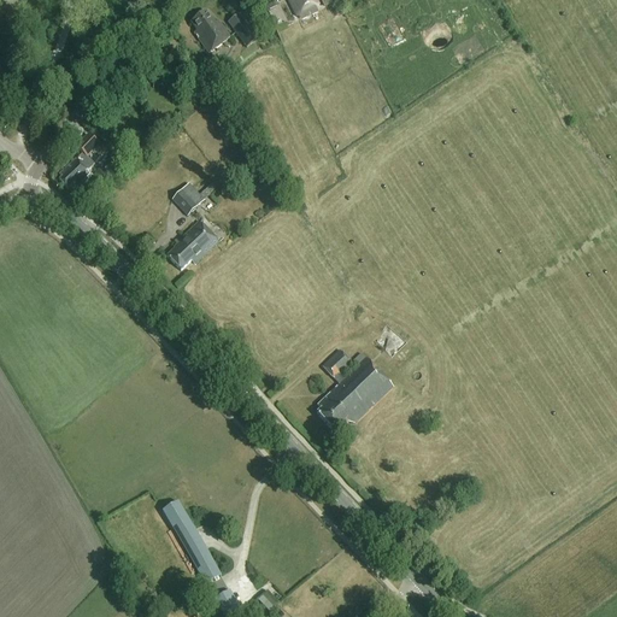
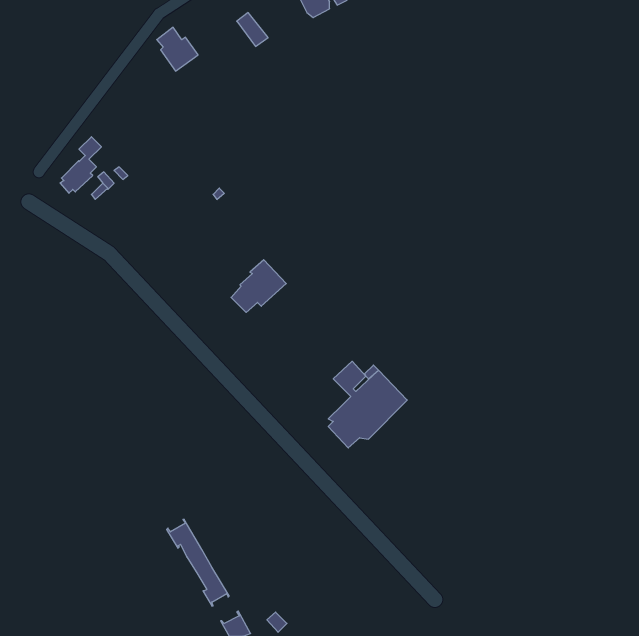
building: [189,8,229,51] -> [157,27,198,71]
building: [171,181,204,213] -> none
building: [165,217,218,268] -> [231,260,286,312]

